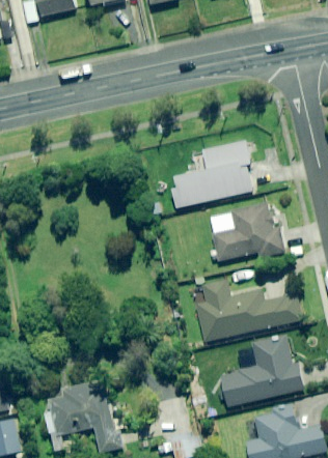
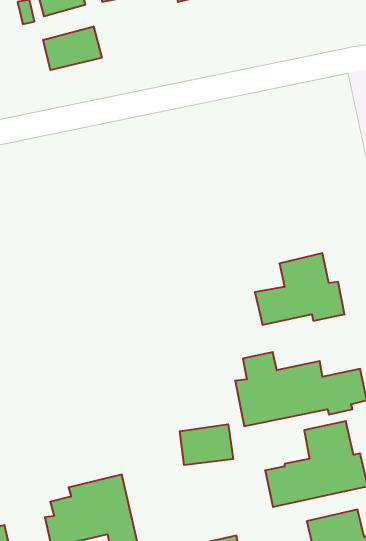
building: none -> [43,26,102,70]
building: [171,142,250,208] -> none
building: none -> [180,424,233,465]

